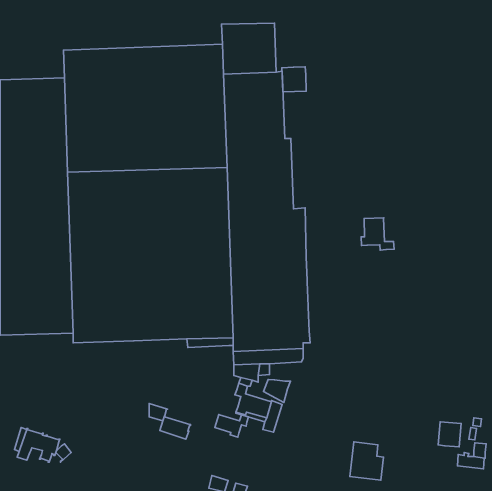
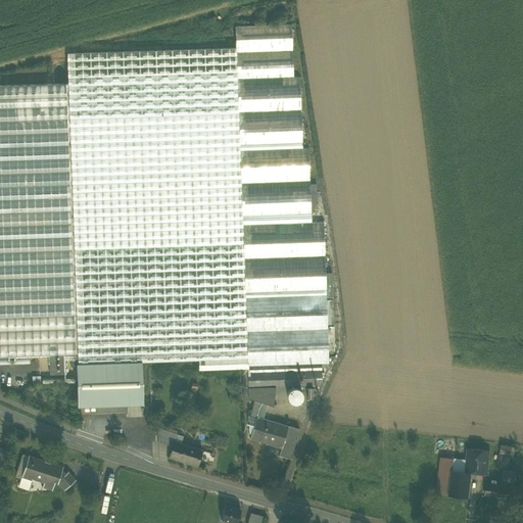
building: [282,67,306,92] -> none
building: [361,218,394,250] -> none
building: none -> [78,363,143,406]
building: [263,380,291,402] -> none
building: [215,415,249,437] -> none
building: [350,442,384,480] -> [436,458,472,498]

